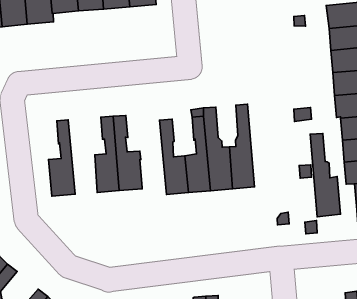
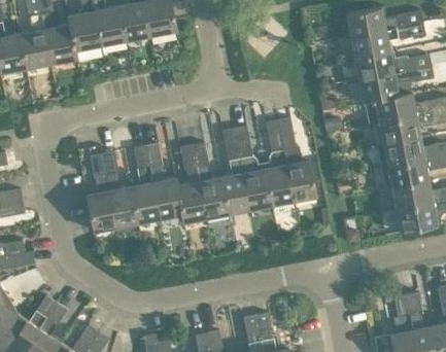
building: none -> [101,152,137,227]
building: none -> [176,145,206,222]
building: [310,133,340,217] -> [277,118,315,202]

